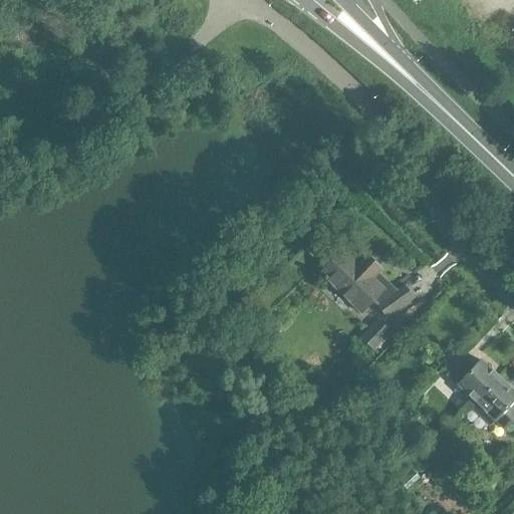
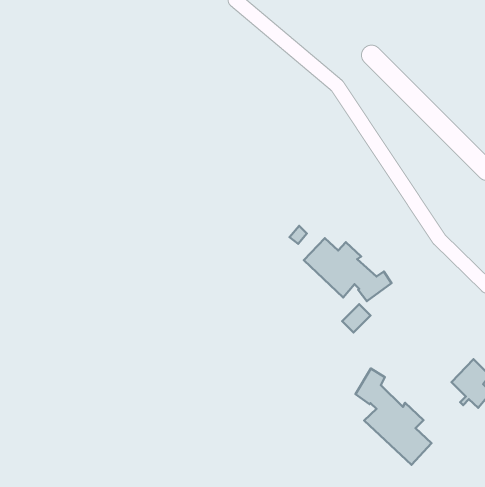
building: [449,359,501,403] -> none
building: none -> [356,368,431,465]

